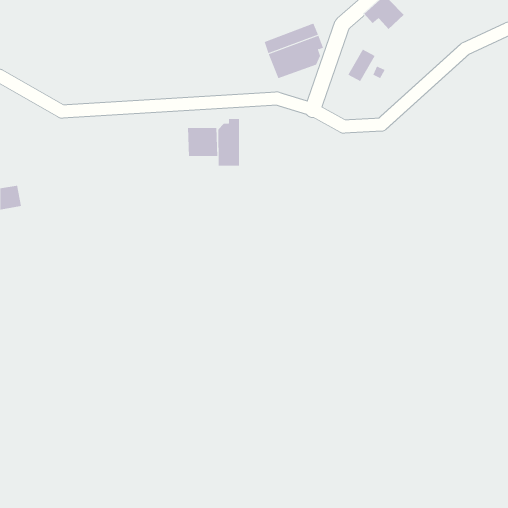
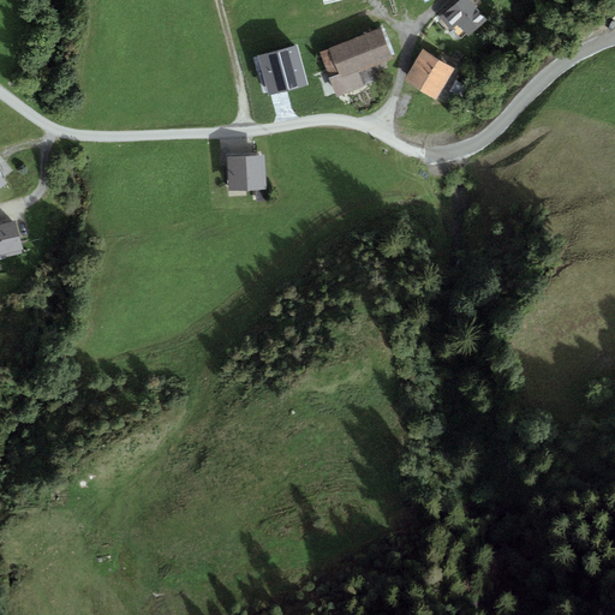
building: none -> [257,46,306,95]
building: none -> [404,49,437,90]
building: [218,118,240,167] -> none

